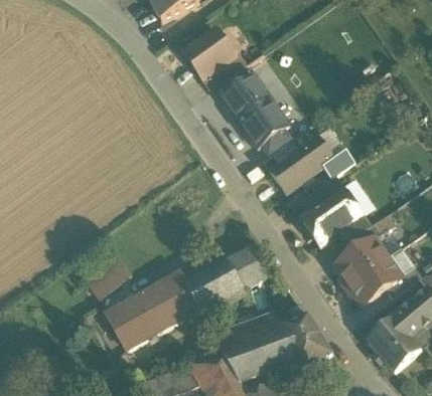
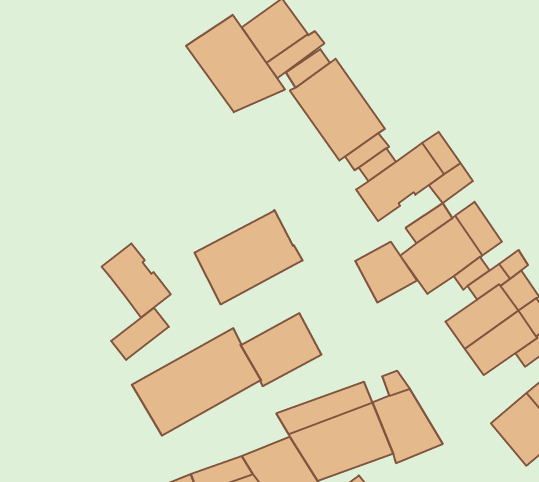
building: none -> [186,15,285,112]
building: none -> [195,210,303,304]
building: none -> [102,243,171,318]
building: [228,246,273,290] -> [355,242,417,302]

